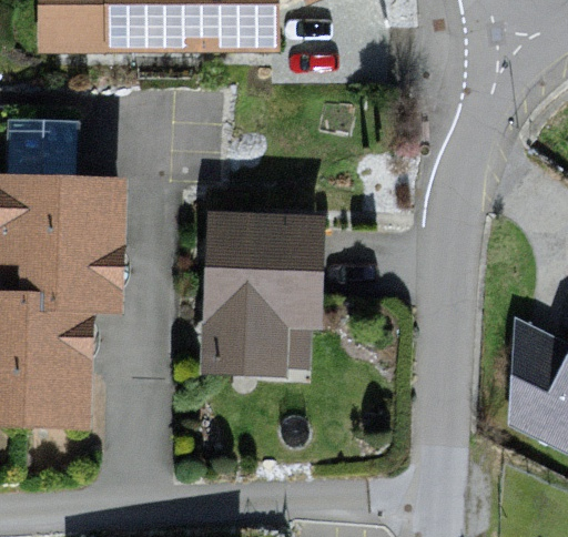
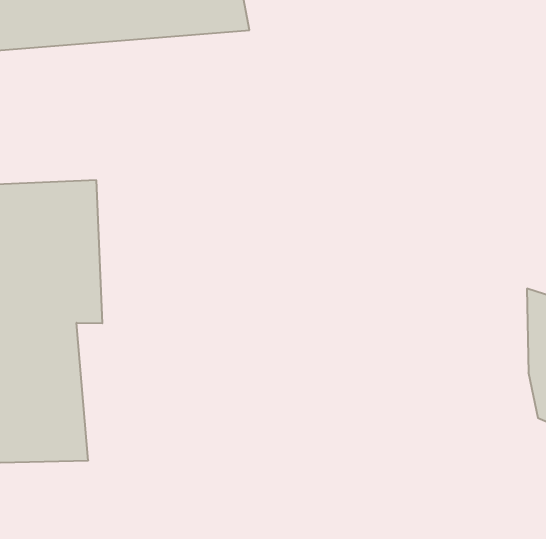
building: [201,207,326,372] -> none

